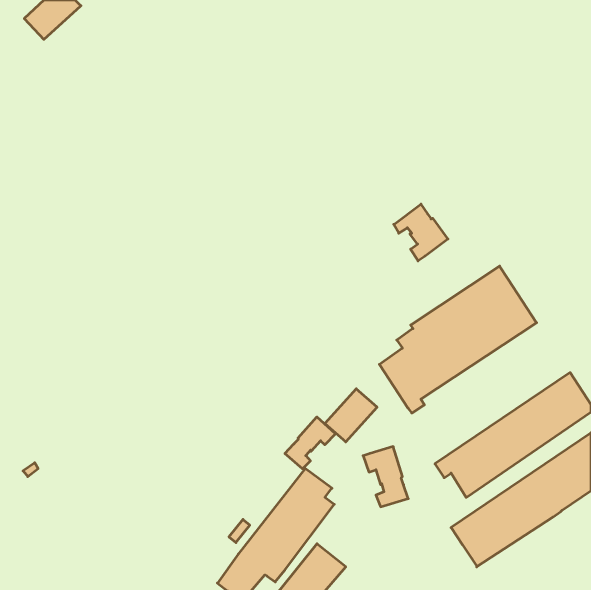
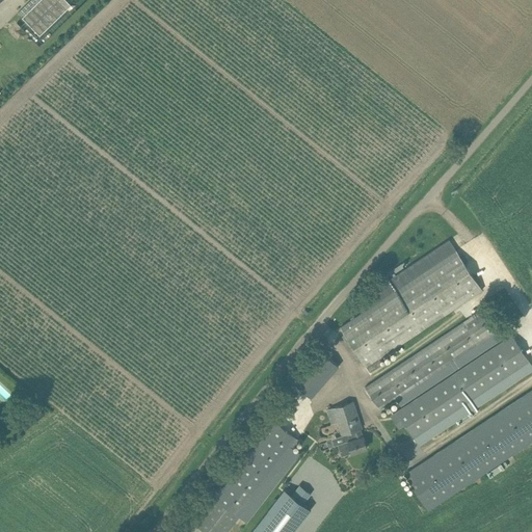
building: [394,204,448,261] -> none
building: none -> [366,308,506,410]
building: [285,417,336,469] -> none

